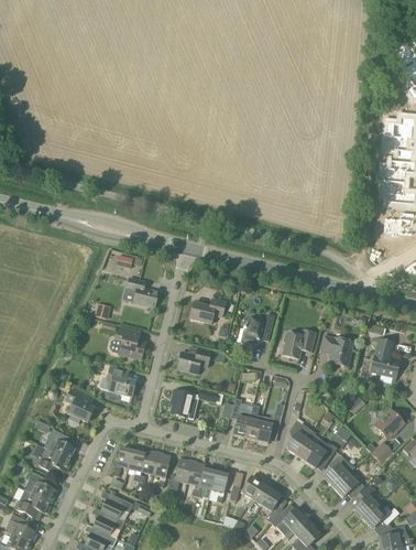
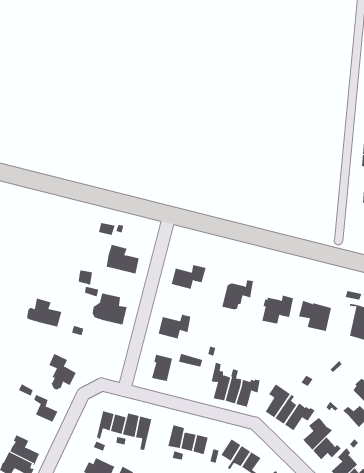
building: [99,366,135,396] -> [26,298,62,327]
building: [31,445,72,472] -> none
building: [166,457,191,495] -> none

